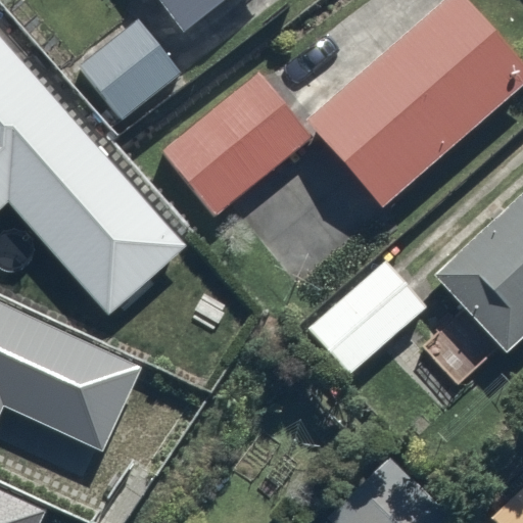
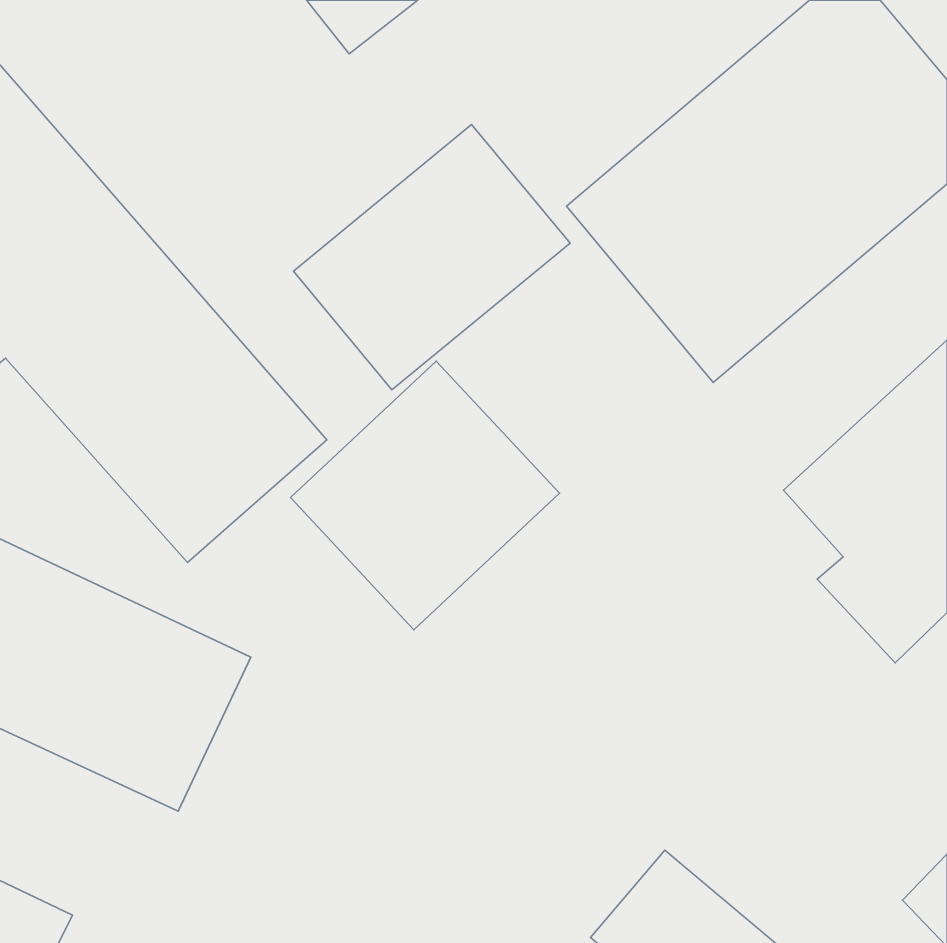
building: [82,15,189,122] -> none
building: none -> [291,361,560,630]
building: [311,260,428,377] -> none

